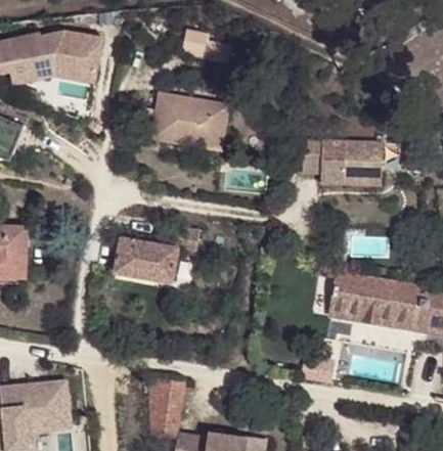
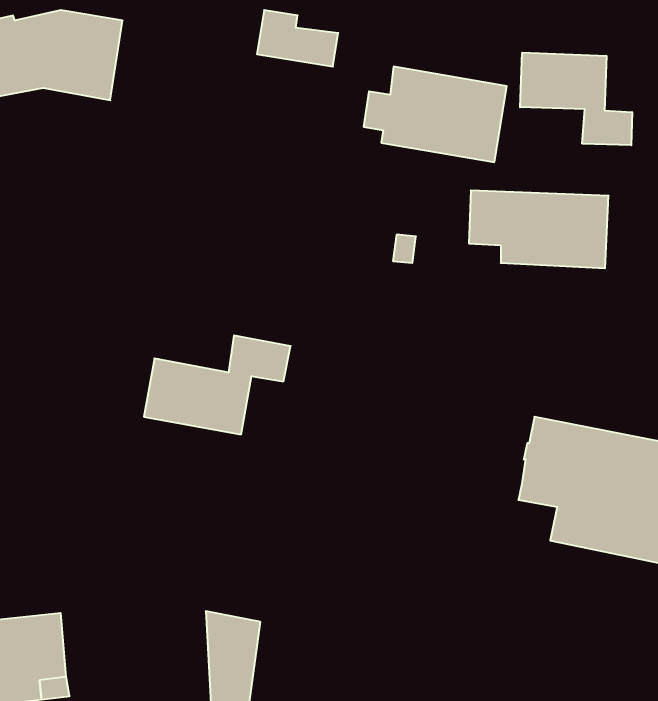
building: none -> [520,53,632,145]
building: [138,96,221,151] -> [364,67,507,162]

